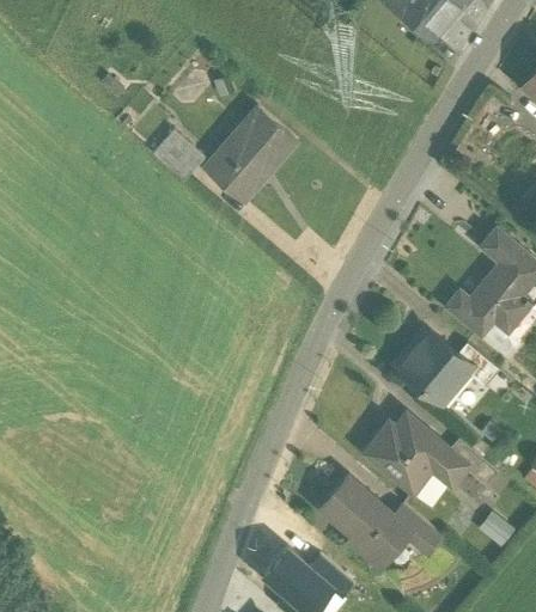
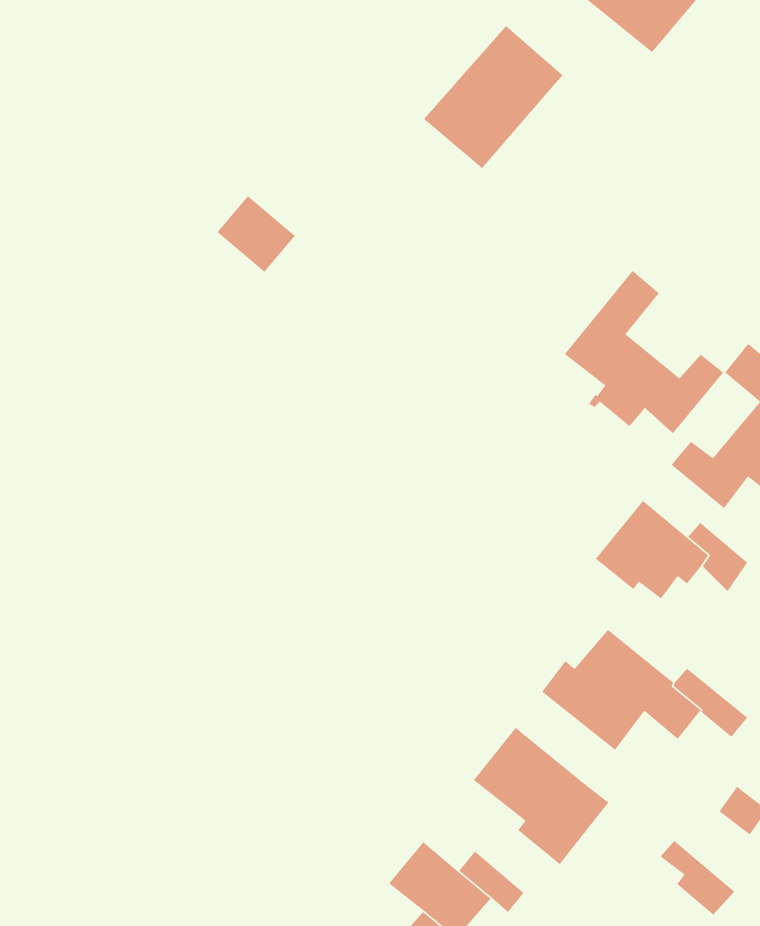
building: [205,109,296,202] -> [423,25,563,169]
building: none -> [564,270,724,434]
building: [392,503,441,552] -> [660,840,735,915]

